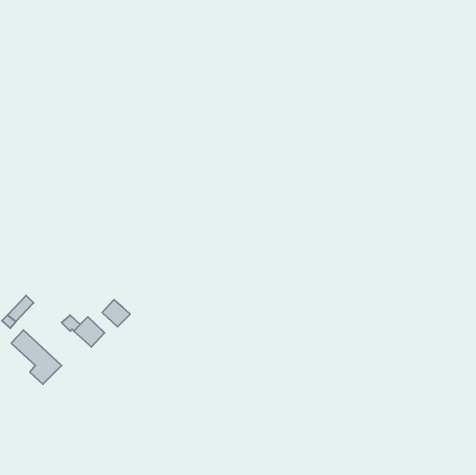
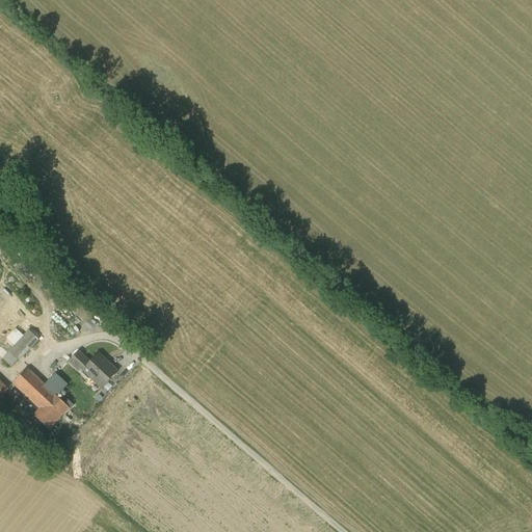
building: [102,300,130,327] -> none

